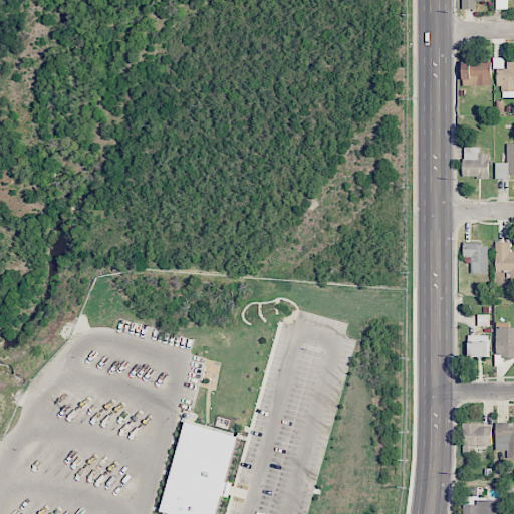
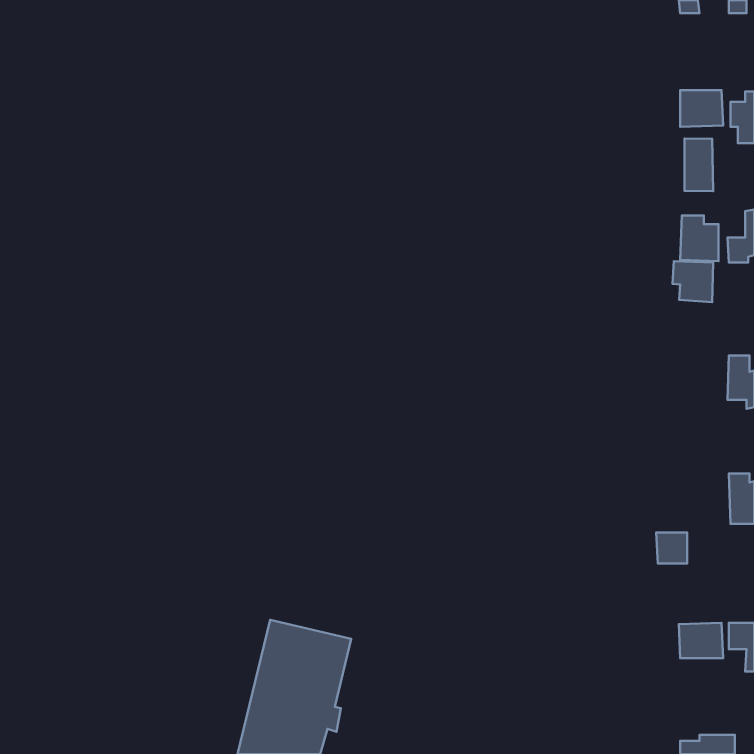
building: none -> [685,138,713,191]
building: none -> [672,261,713,302]
building: [463,243,488,273] -> none
building: [468,335,489,356] -> [656,533,687,564]

